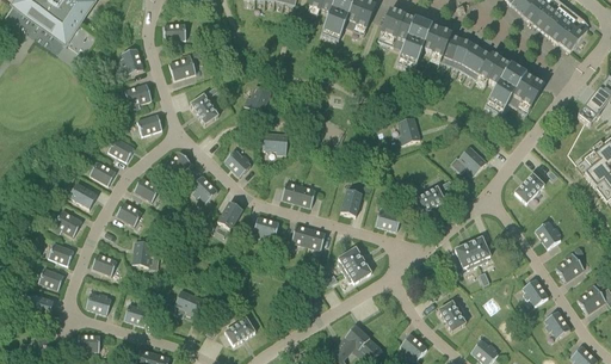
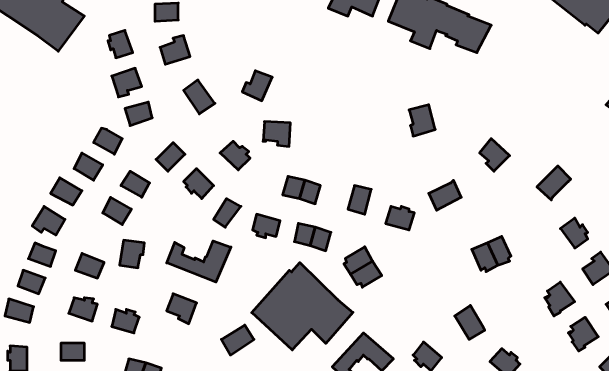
building: [458,43,544,113] -> none
building: none -> [167,241,231,282]
building: none -> [252,263,353,350]

